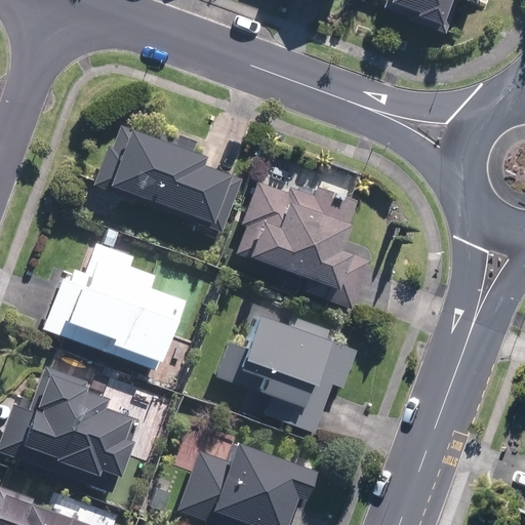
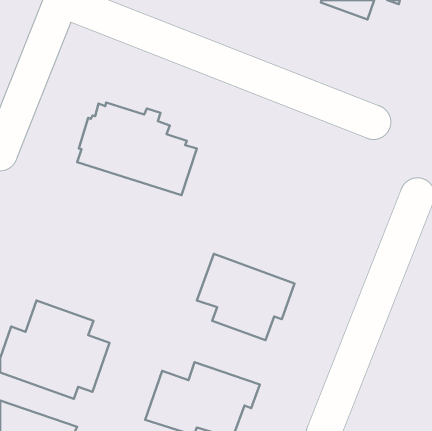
building: [236,183,370,310] -> none
building: [43,255,181,370] -> none

